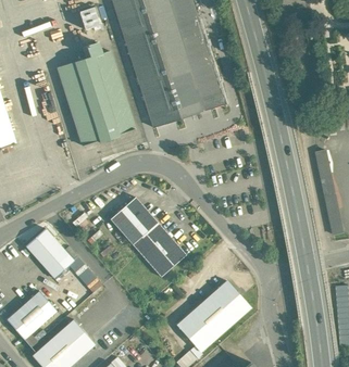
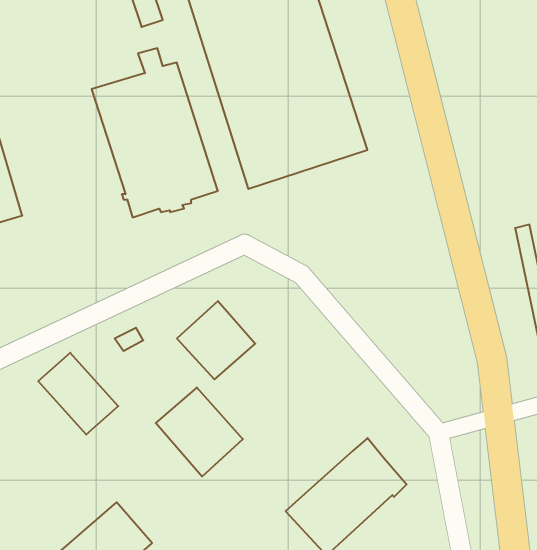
building: [133,223,186,277] -> [156,387,243,476]
building: [7,291,57,340] -> none

